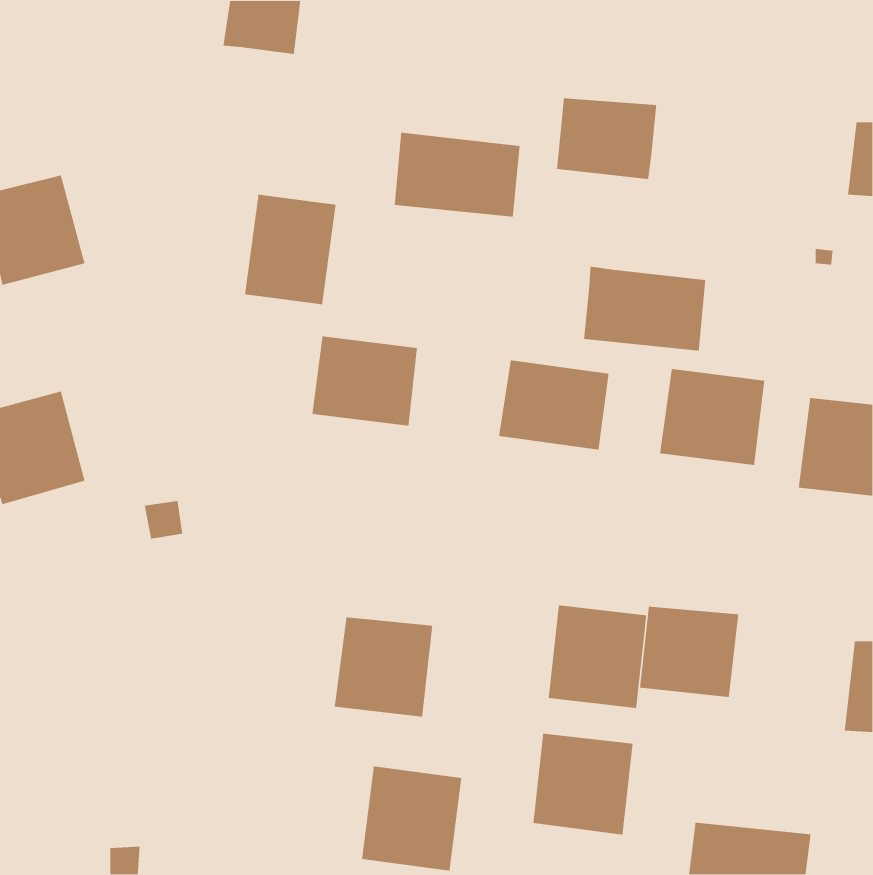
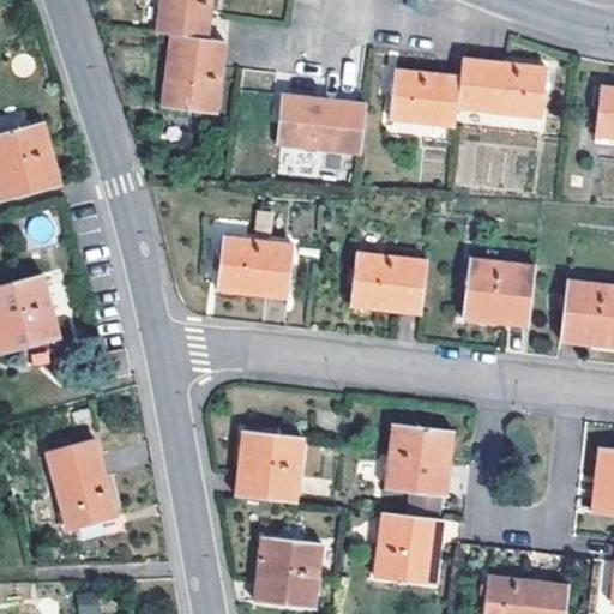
building: [244,194,337,305] -> [159,34,224,112]
building: [583,266,706,352] -> [457,56,543,116]
building: [639,606,739,698] -> none
building: none -> [46,439,118,540]

